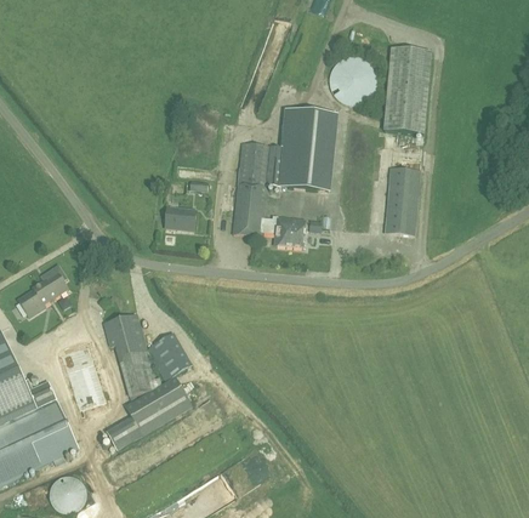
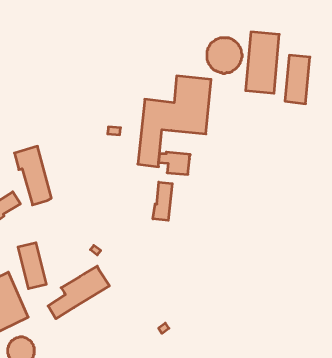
building: [385,166,420,234] -> [285,55,310,104]
building: [165,206,195,228] -> none
building: none -> [153,182,172,220]
building: [104,313,157,395] -> [14,146,51,205]

